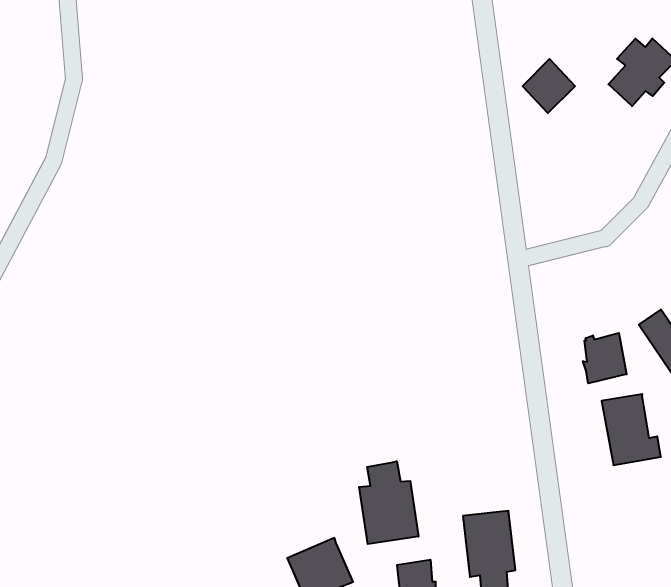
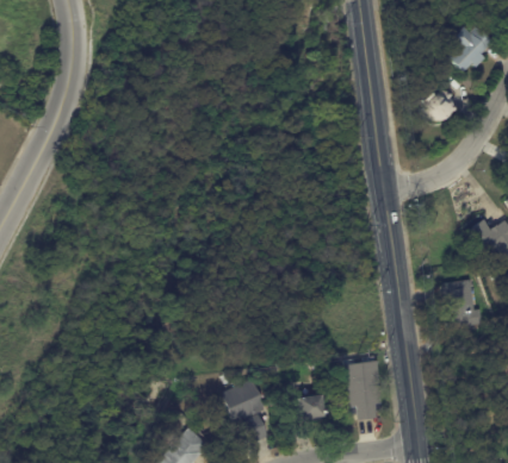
building: [523,59,575,113] -> [416,86,453,124]
building: [583,333,627,383] -> none
building: [359,461,418,544] -> none

